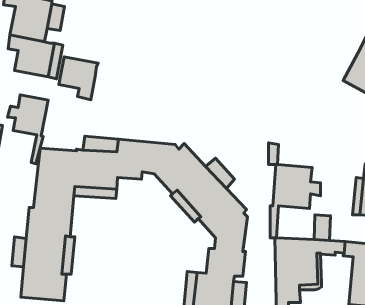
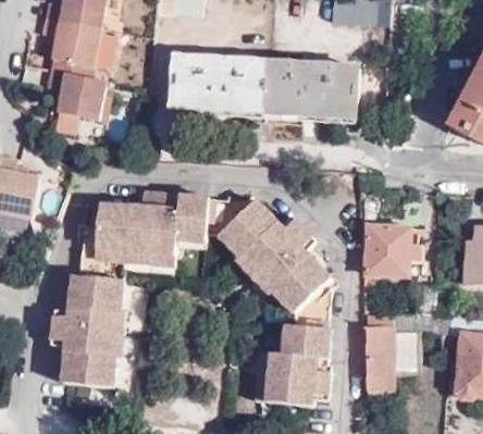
building: none -> [169,54,358,119]
building: [59,57,98,100] -> none
building: [8,95,48,164] -> none

